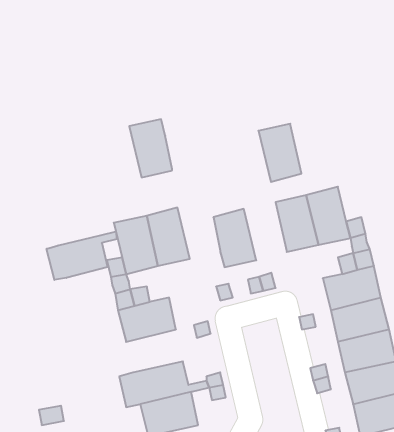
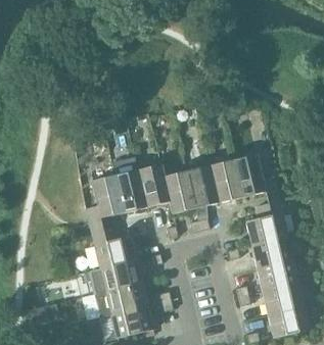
building: [129,119,172,177] -> [137,164,169,207]
building: [258,124,301,182] -> [186,165,218,208]
building: [47,232,117,280] -> none
building: none -> [99,259,141,291]

